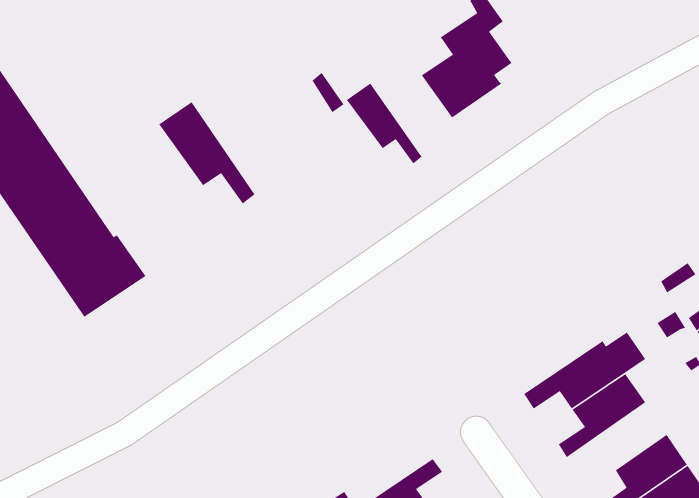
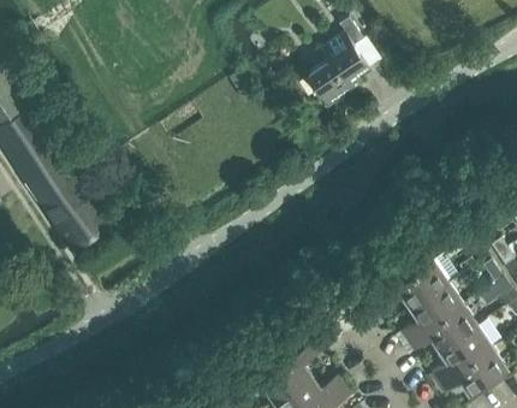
building: [346,83,423,164] -> none
building: [158,101,256,205] -> none
building: none -> [406,306,476,354]

